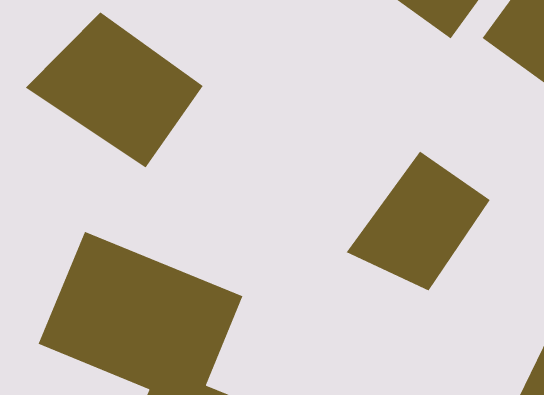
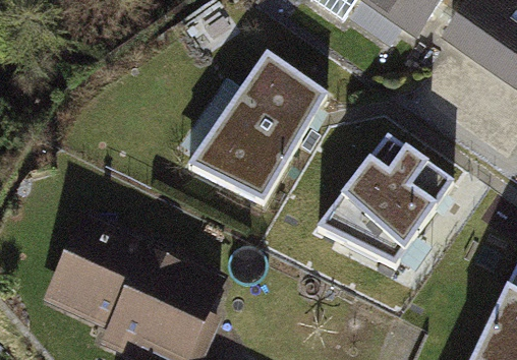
building: [25,11,204,168] -> none
building: none -> [192,55,322,198]

